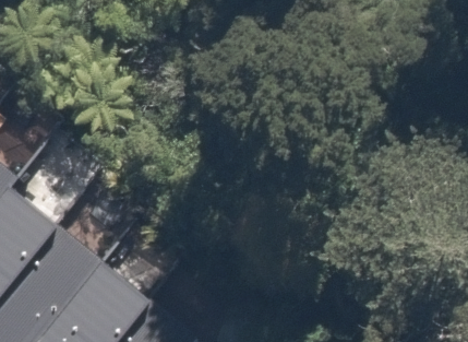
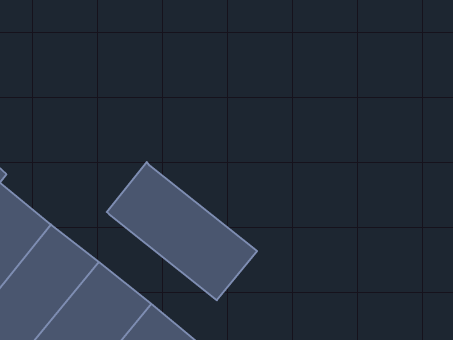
building: none -> [107,162,257,300]

